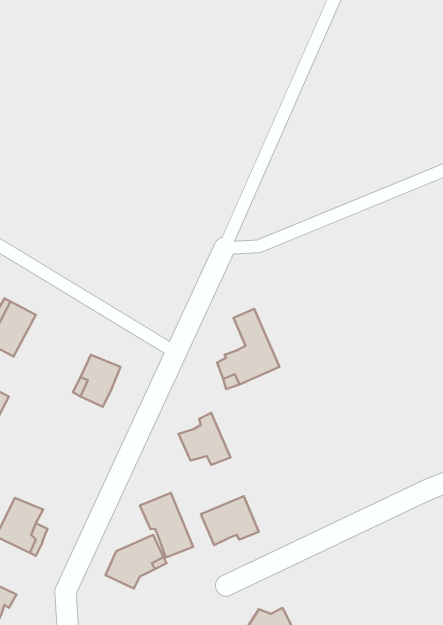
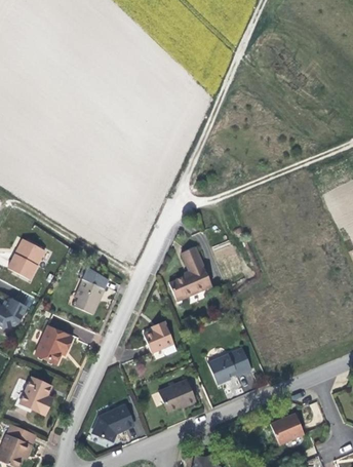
building: none -> [35,327,72,366]
building: none -> [207,350,249,385]
building: [140,493,193,558] -> none
building: none -> [272,413,306,443]

